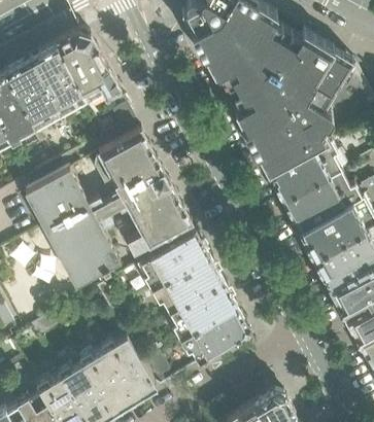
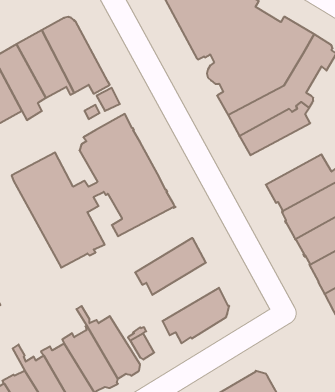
building: [269,129,348,202] -> none
building: [140,231,208,291] -> none
building: [168,281,236,341] -> none

